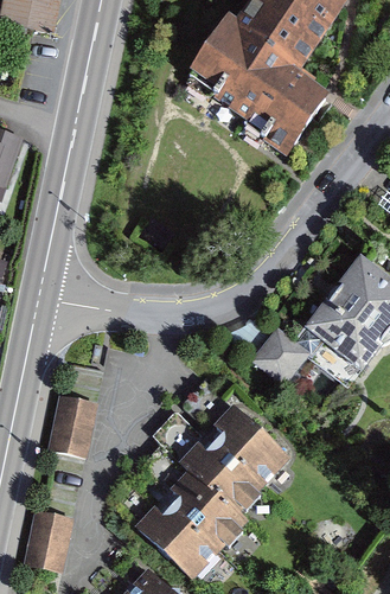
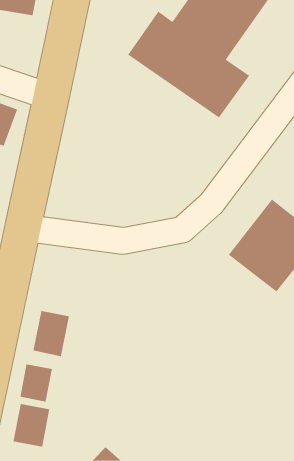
building: [250,330,305,384] -> none
building: [129,401,289,577] -> none
building: none -> [20,364,53,402]

